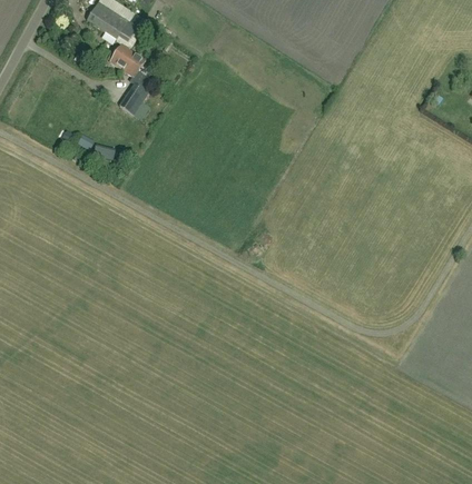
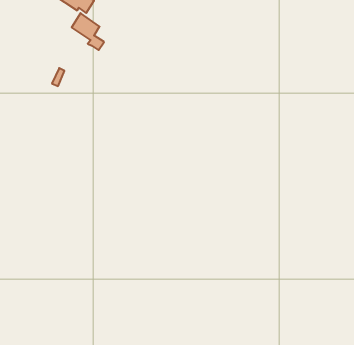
building: [120,82,149,113] -> none

